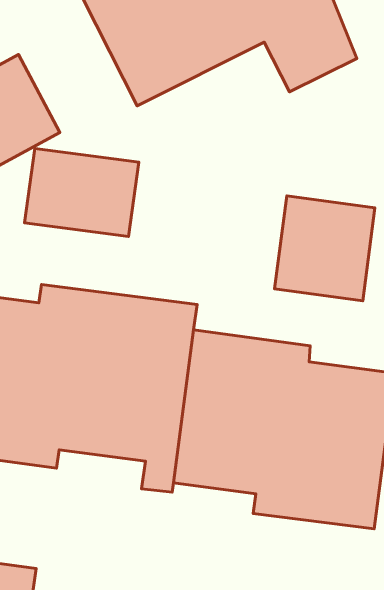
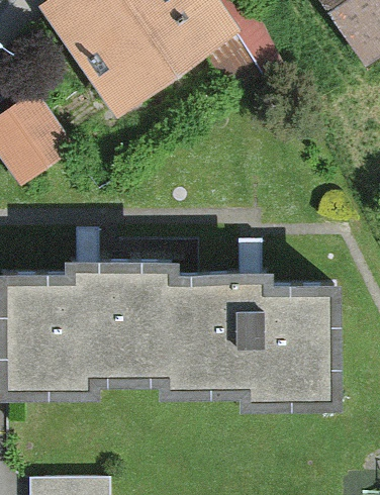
building: [25,148,139,236] -> none
building: [275,196,375,301] -> none

